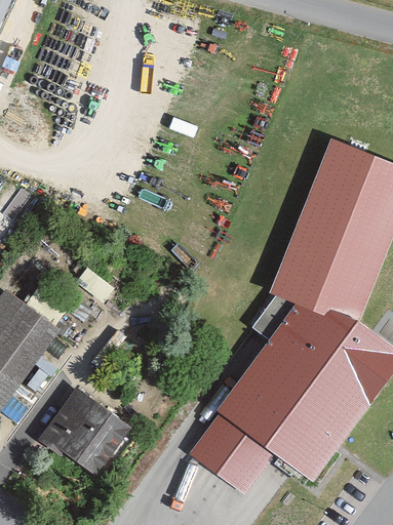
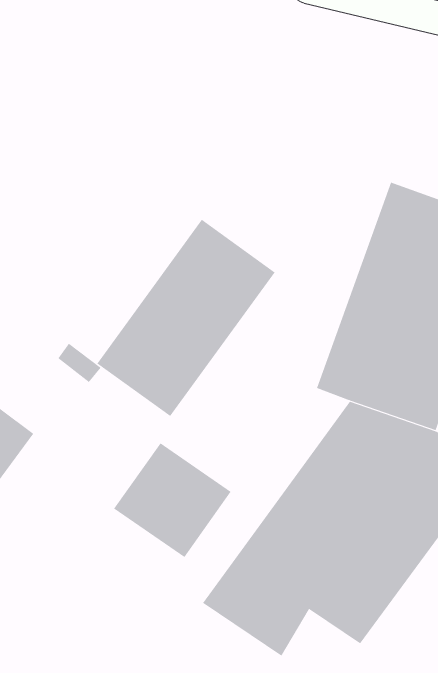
building: none -> [96,219,276,417]
building: [44,388,132,474] -> [113,442,232,558]

